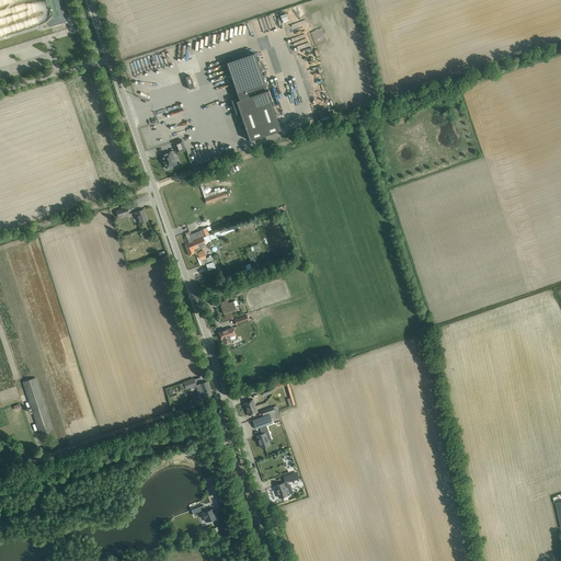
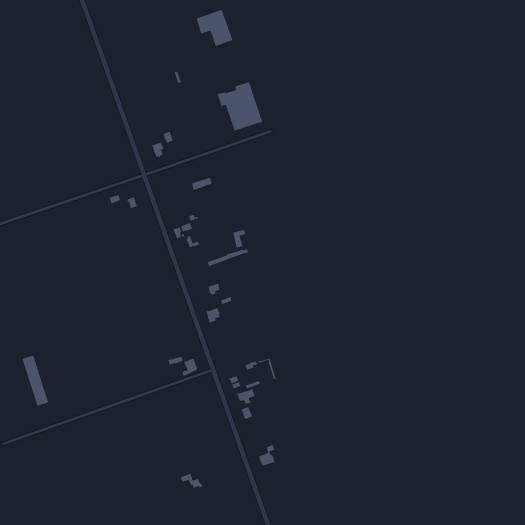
building: [226,53,266,93] -> [196,9,234,47]

